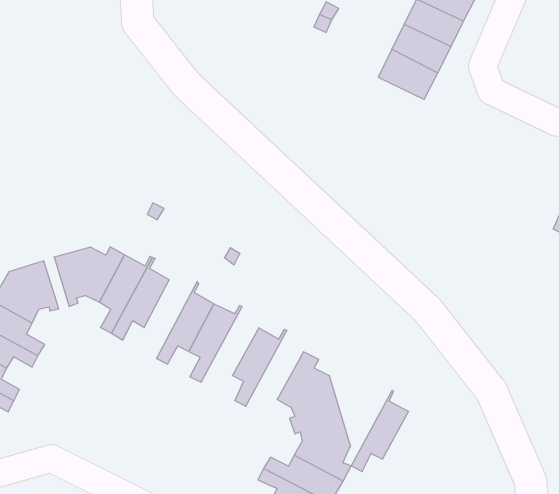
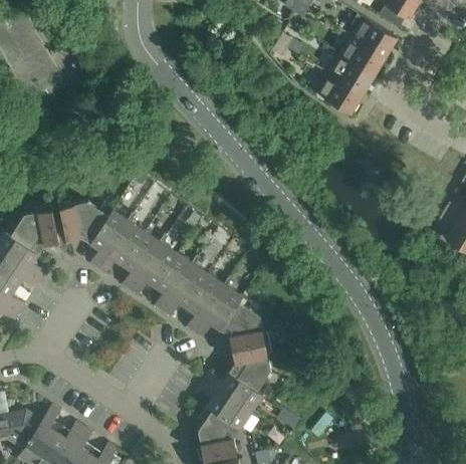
building: none -> [123,231,167,289]
building: none -> [163,256,210,315]
building: [351,390,409,472] -> [195,277,242,336]

